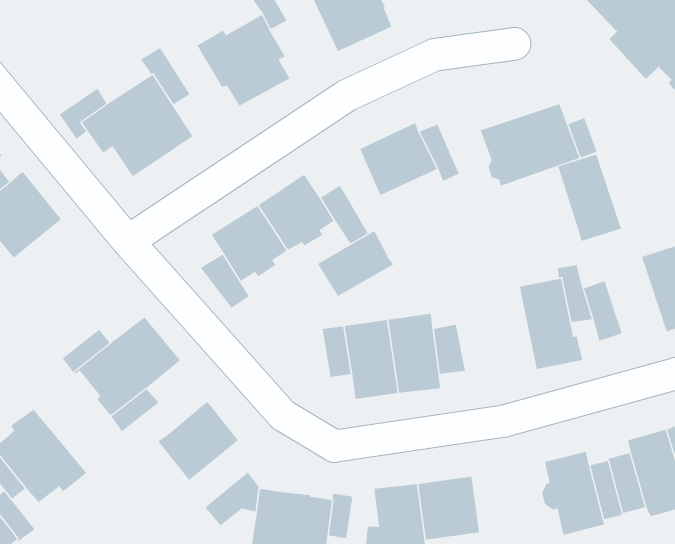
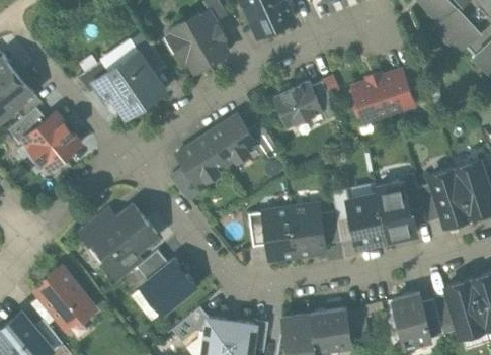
building: [558,154,622,241] -> [429,169,471,226]
building: [317,230,394,297] -> none
building: none -> [348,194,387,248]
building: none -> [137,251,169,283]

